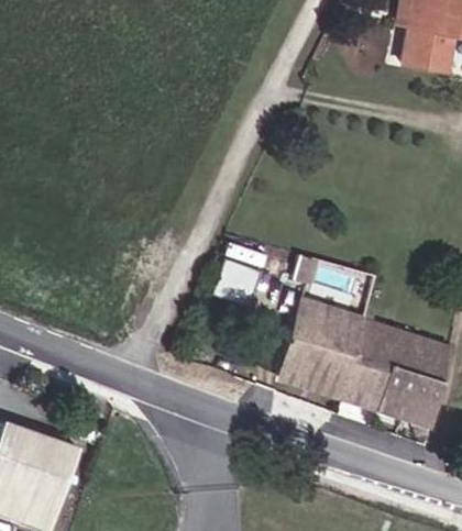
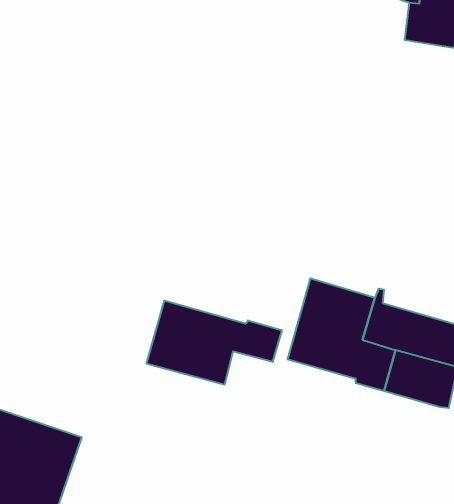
building: none -> [147,301,282,385]

